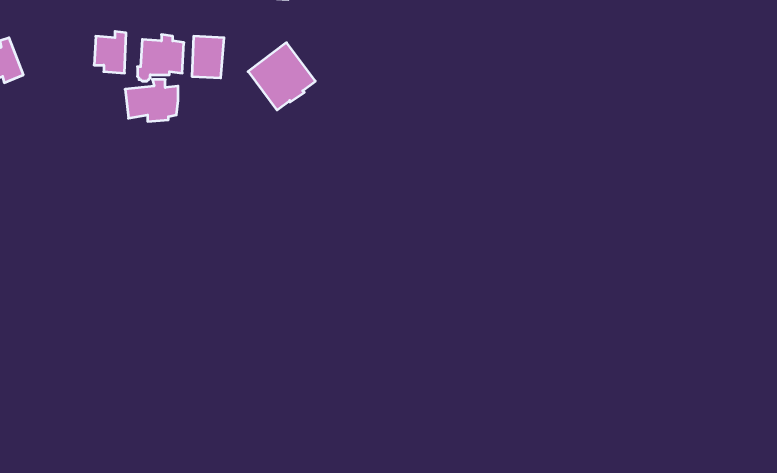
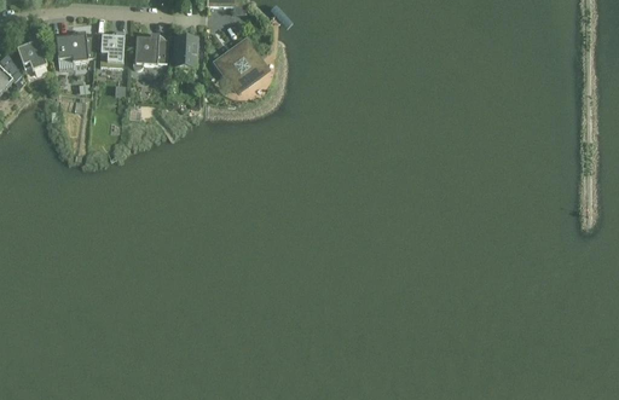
building: [125,80,178,121] -> [56,29,96,60]

